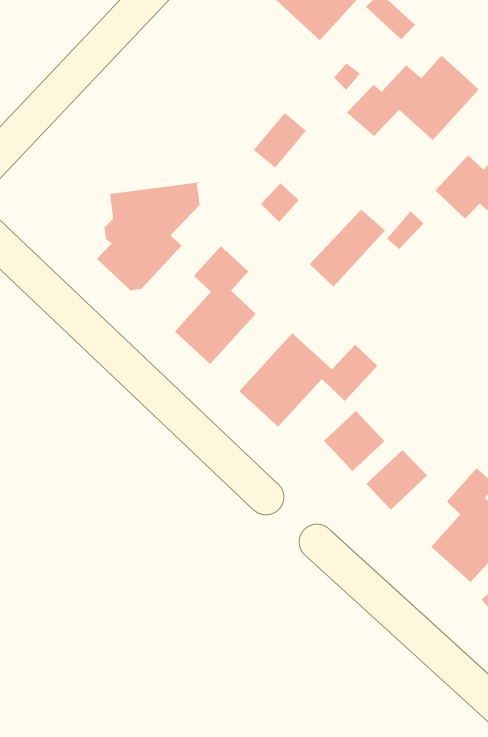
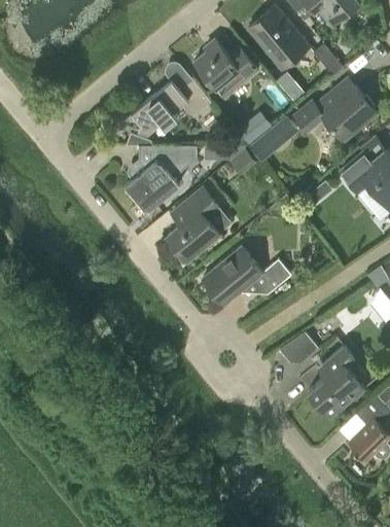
building: none -> [193,43,258,99]
building: none -> [127,66,211,134]
building: [309,209,386,287] -> [249,116,299,163]
building: [323,410,385,472] -> none

